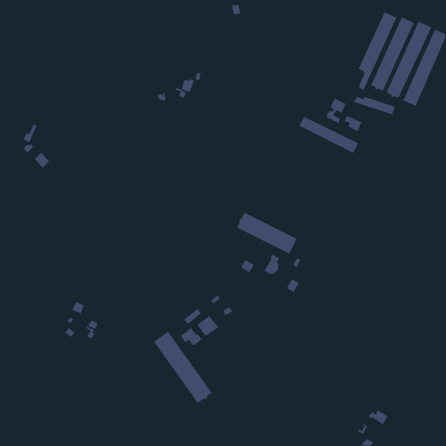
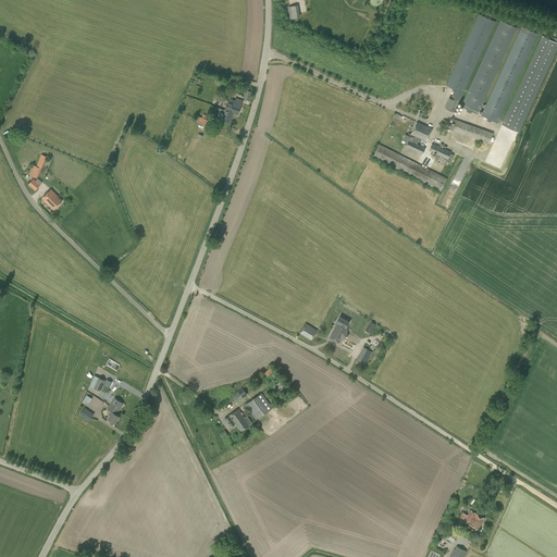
building: [236,212,297,254] -> none
building: [153,331,213,404] -> none

